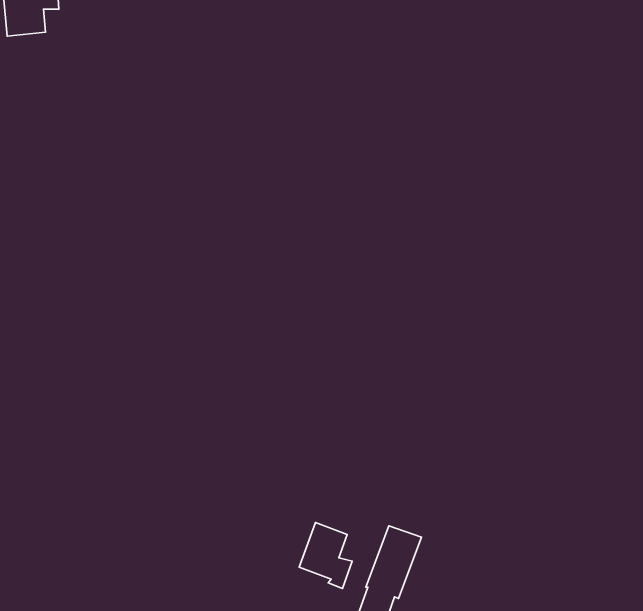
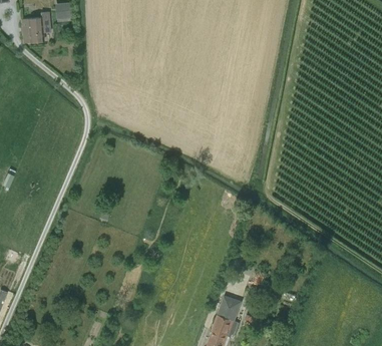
building: [299,522,352,588] -> none

